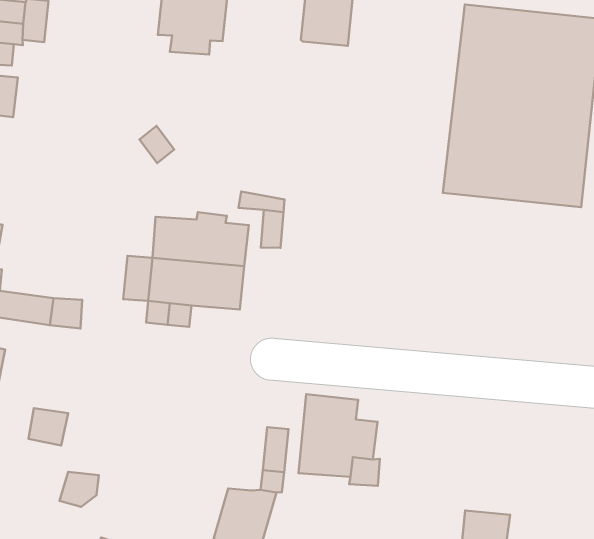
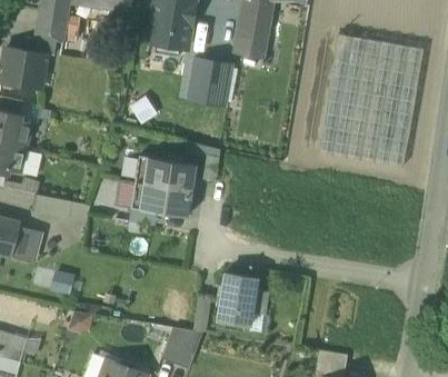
building: none -> [186,58,232,103]

